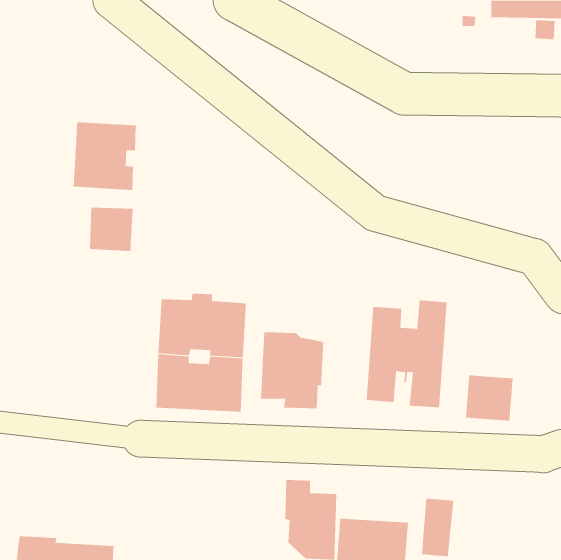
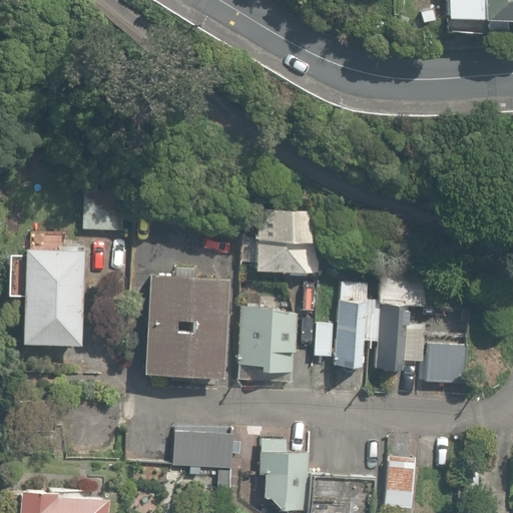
building: [73,121,136,191] -> none
building: none -> [245,207,325,276]
building: none -> [15,246,82,346]
building: none -> [172,431,234,469]

